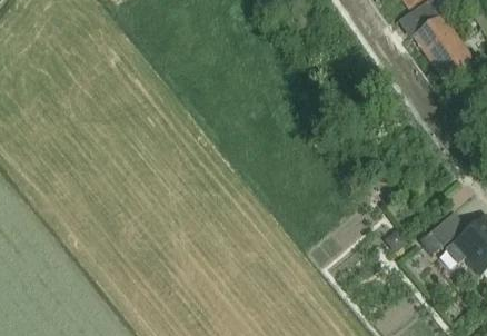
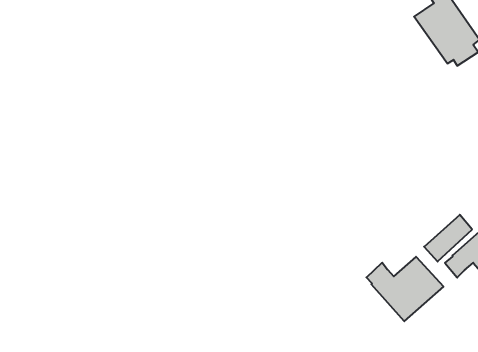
building: none -> [366,257,443,321]

